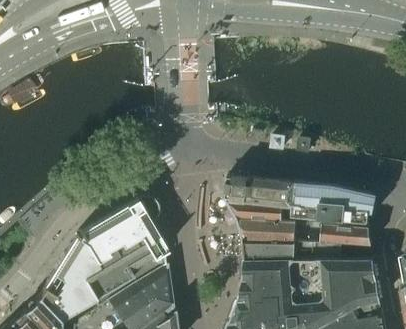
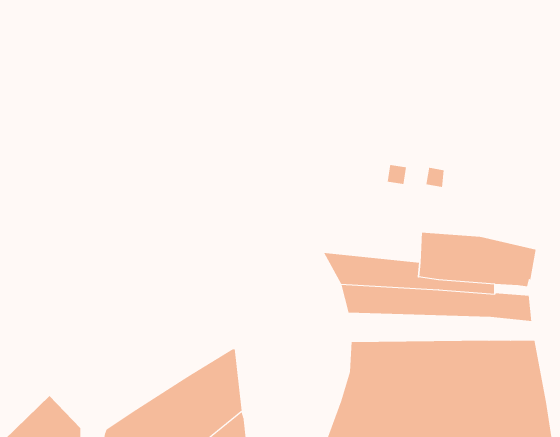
building: [227,176,295,205] -> none
building: [37,196,166,321] -> none
building: [244,240,343,260] -> none

